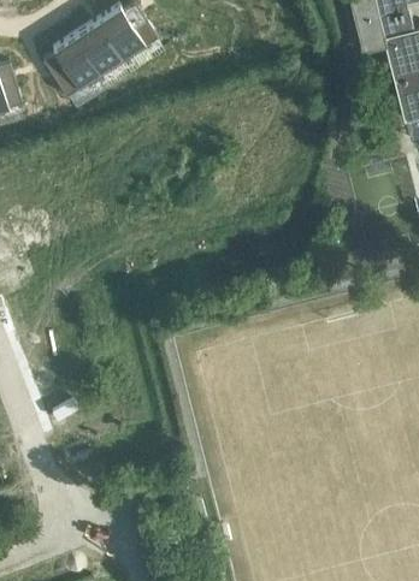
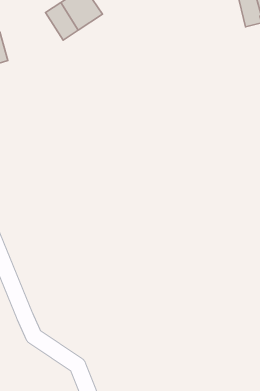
building: [42,35,100,96] -> none

